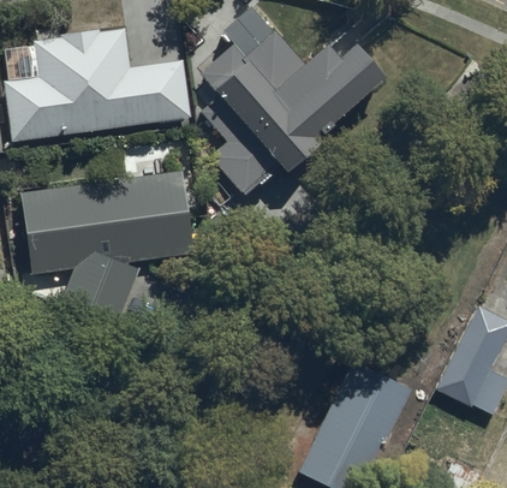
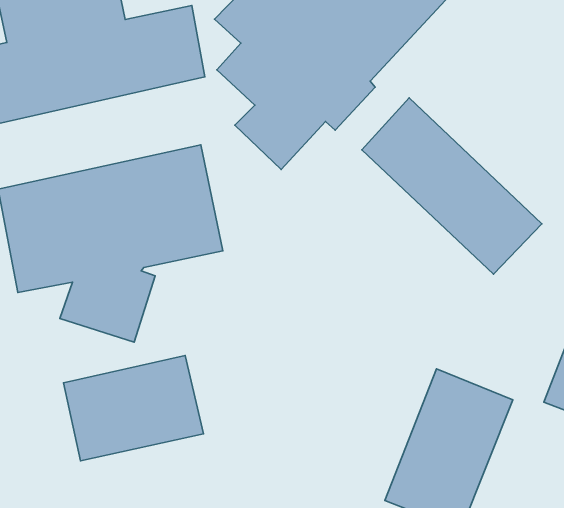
building: none -> [362,98,542,274]
building: none -> [63,356,204,461]

